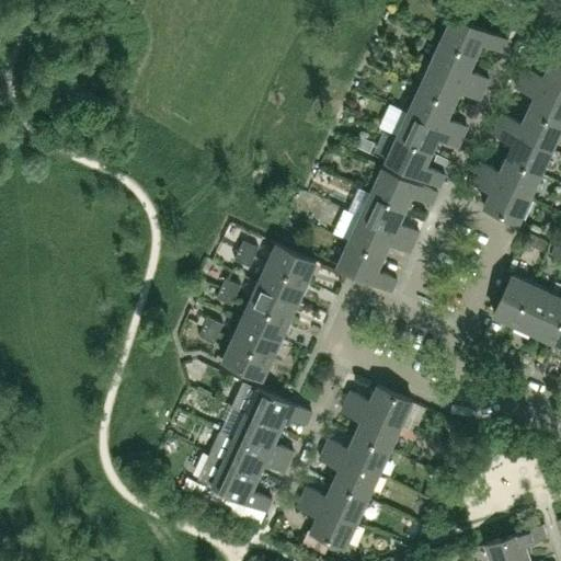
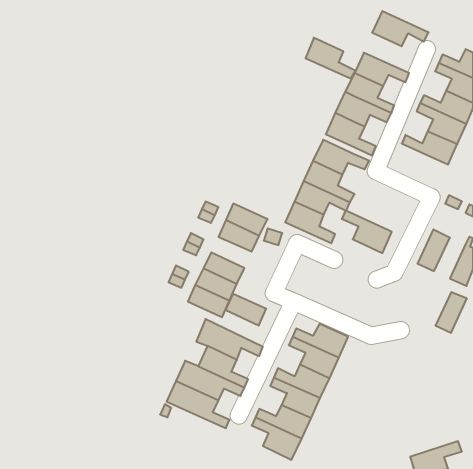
building: [431,43,490,91] -> [305,38,355,78]
building: [471,174,530,225] -> [342,211,392,253]
building: [250,285,298,322] -> [226,294,266,325]
building: [514,286,551,334] -> [435,292,467,333]

